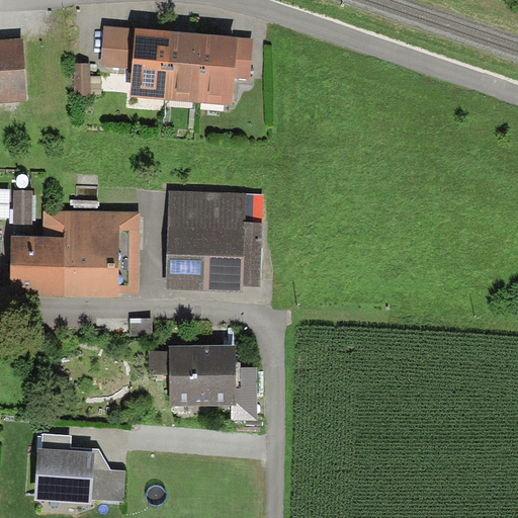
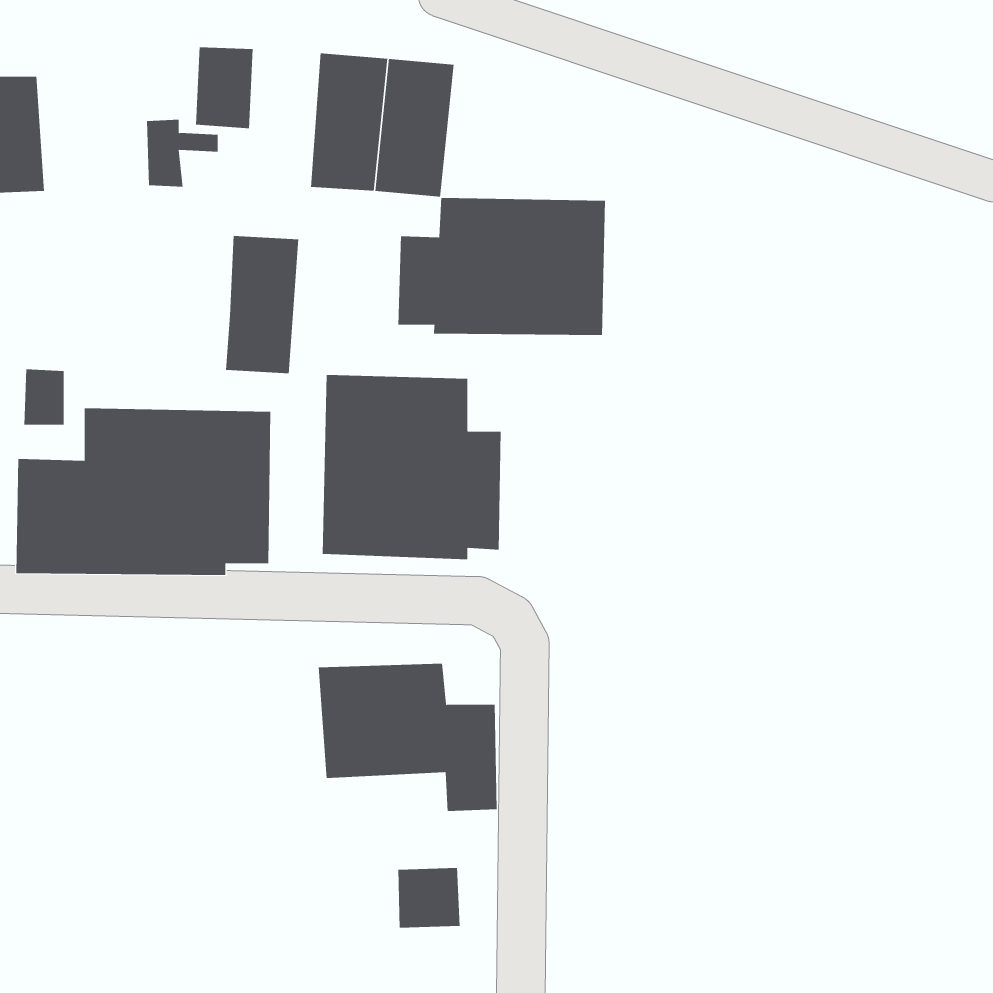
building: [127,25,166,97] -> [225,235,299,374]
building: none -> [398,197,606,336]
building: [34,434,125,506] -> none
building: none -> [398,867,460,928]

